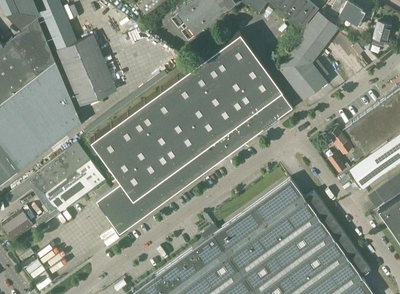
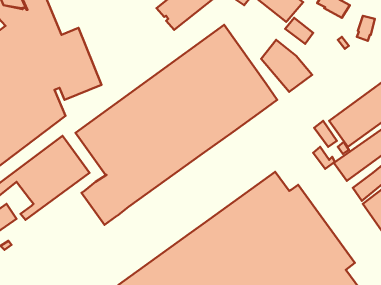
building: [309,13,338,41] -> none
building: [291,37,320,64] -> none

